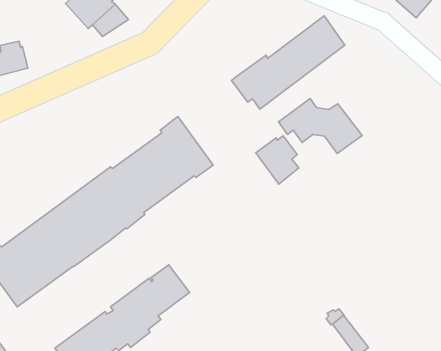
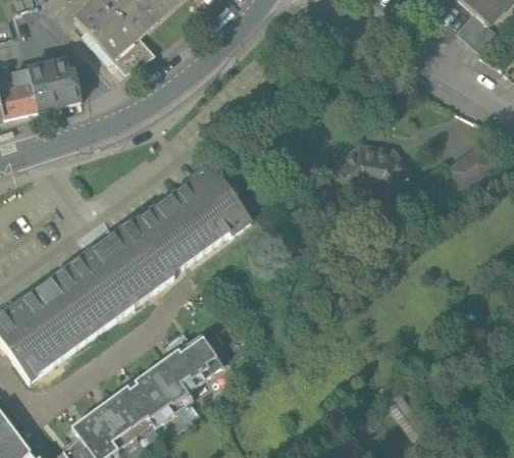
building: [232,16,345,109] -> none
building: none -> [28,60,81,109]
building: none -> [448,143,494,185]
building: [256,136,299,184] -> none

